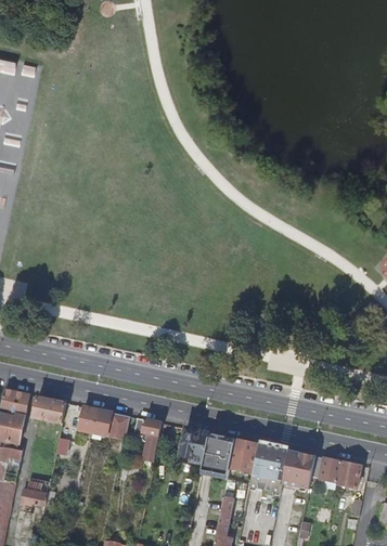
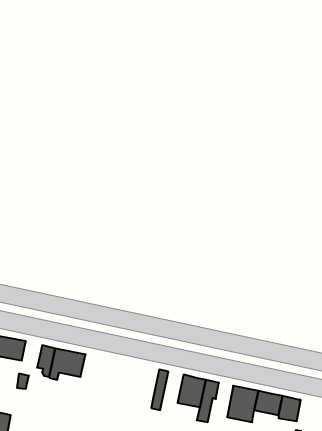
building: [134,417,162,460] -> none
building: [180,428,209,463] -> none
building: [210,434,235,479] -> none
building: [261,446,288,493] -> none

